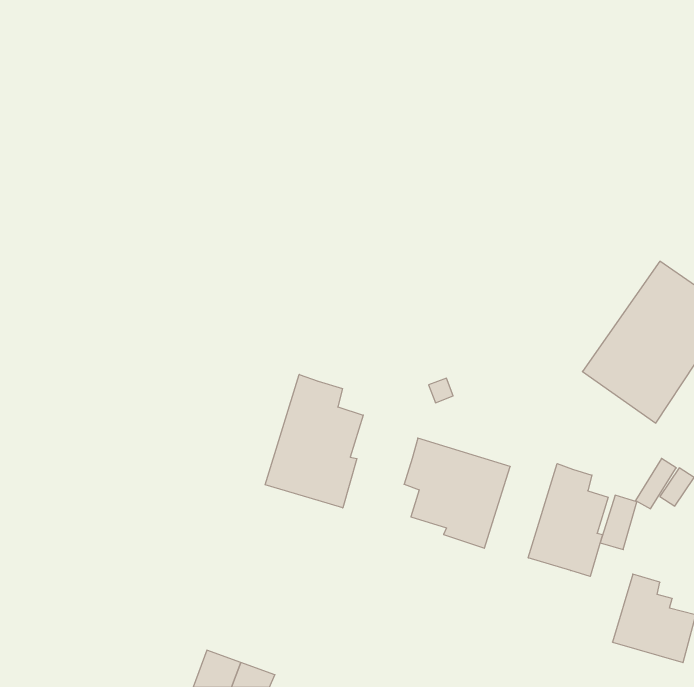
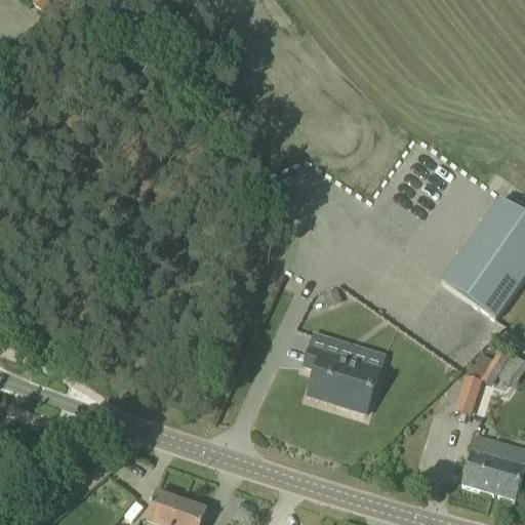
building: [265,374,363,508] -> none
building: [528,464,608,576] -> none

